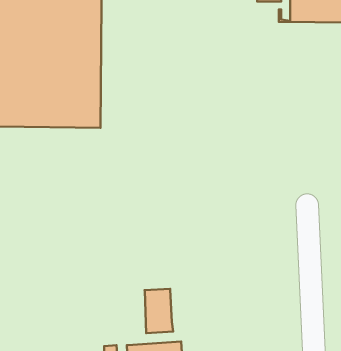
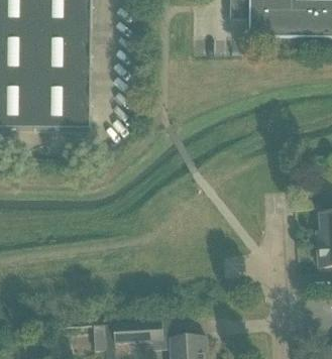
building: [145,289,173,333] -> none

